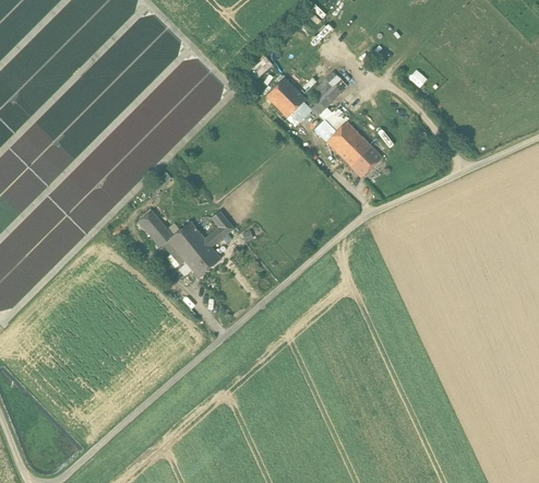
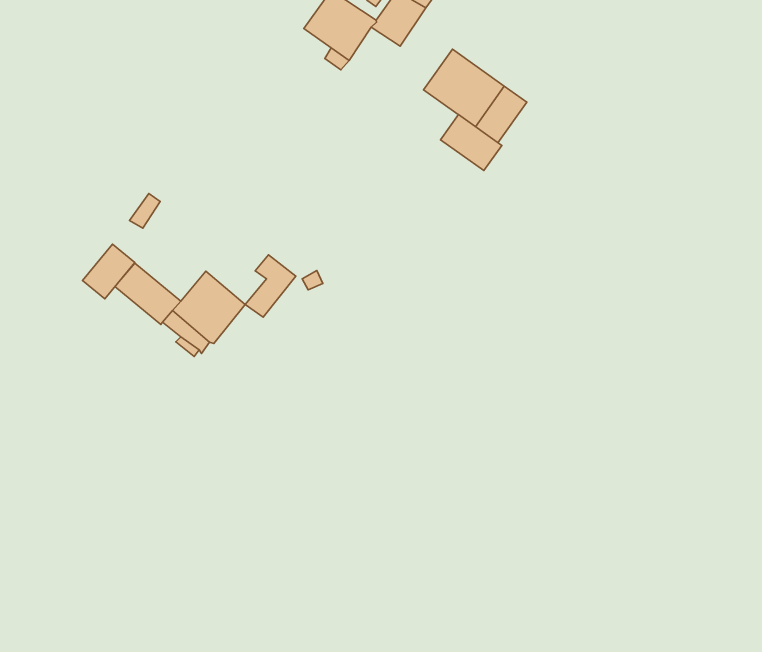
building: none -> [441,115,502,171]
building: none -> [82,244,135,299]
building: [187,241,220,274] -> none

